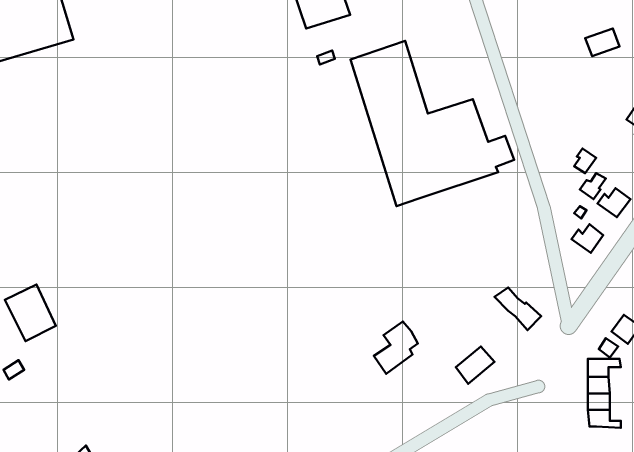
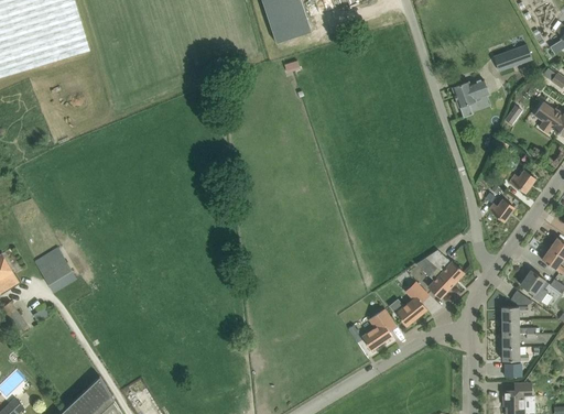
building: [350,41,514,206] -> none
building: none -> [453,79,489,118]
building: none -> [416,258,454,298]
building: [374,322,418,374] -> [361,309,397,351]

